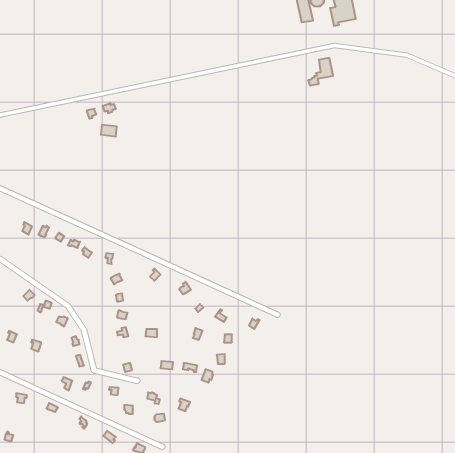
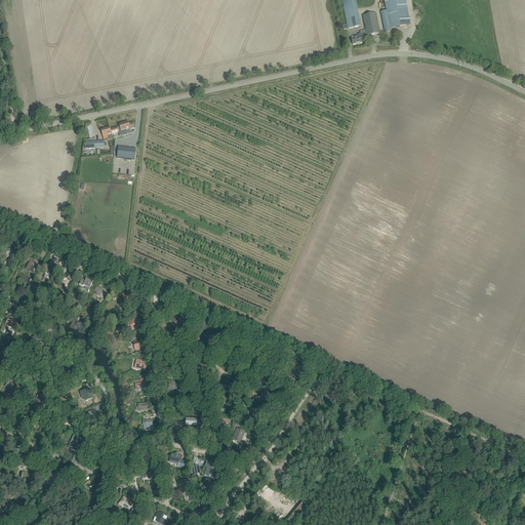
building: [308,58,333,86] -> [350,10,378,42]

